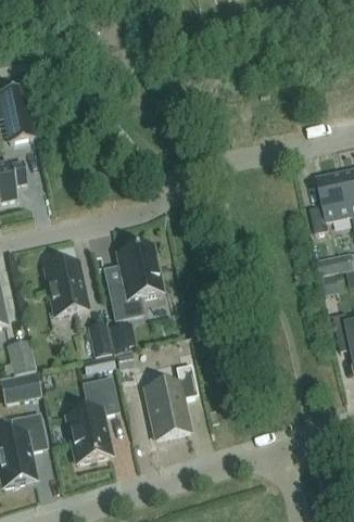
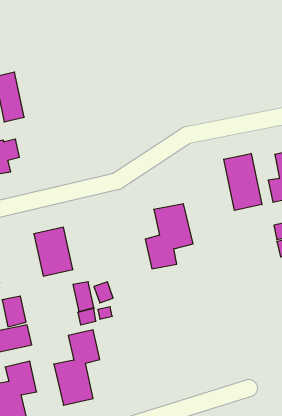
building: none -> [224,153,262,210]
building: [108,245,162,319] -> [145,204,193,269]
building: [144,364,198,437] -> none

